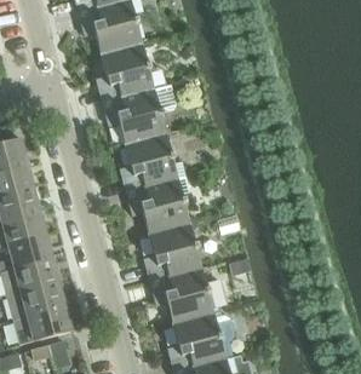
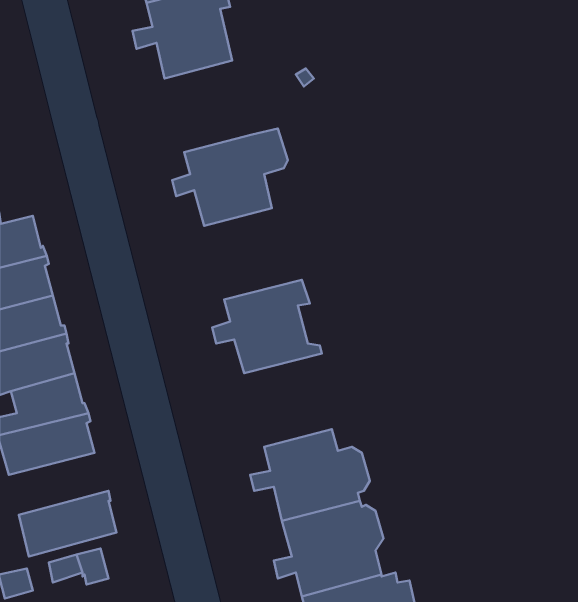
building: [96,44,166,99] -> none
building: [119,133,184,189] -> none
building: [143,221,202,278] -> none
building: [6,282,67,320] -> none

